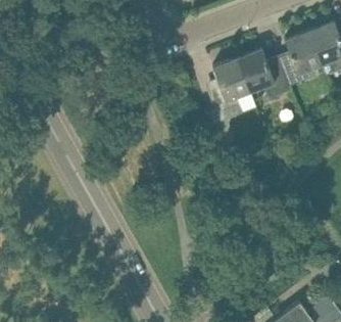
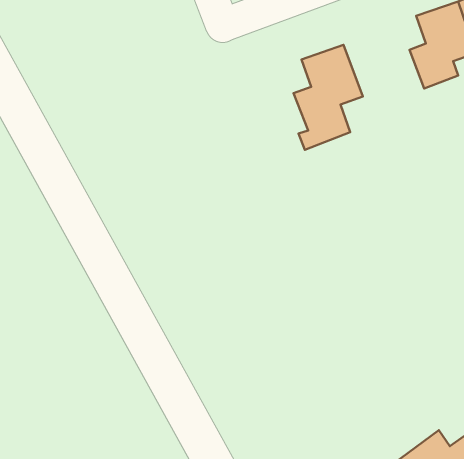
building: [239,48,291,99] -> none

